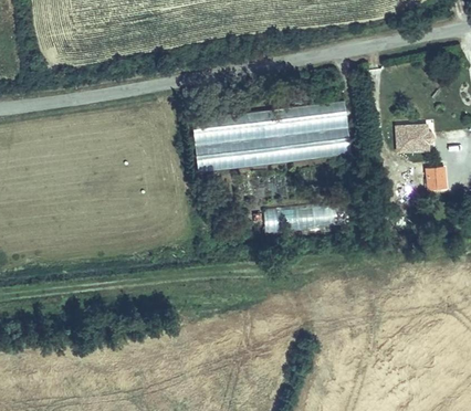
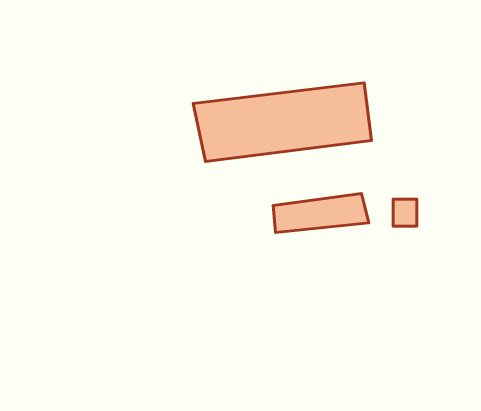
building: [391,125,429,157] -> none
building: [422,170,443,194] -> [393,199,417,226]

